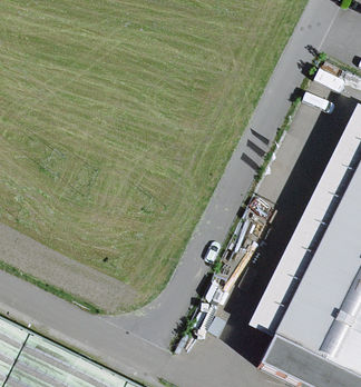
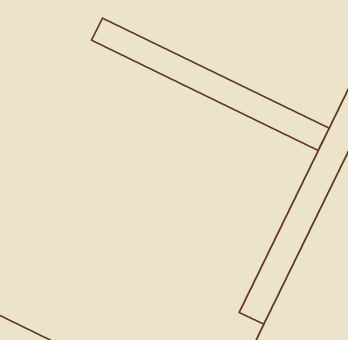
building: none -> [91,18,329,150]

